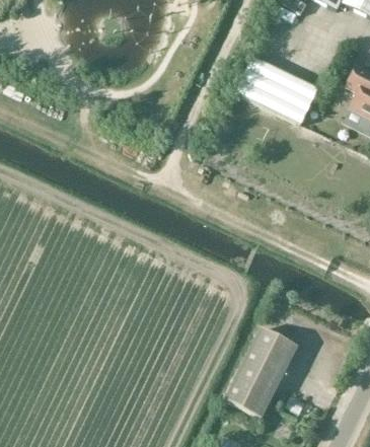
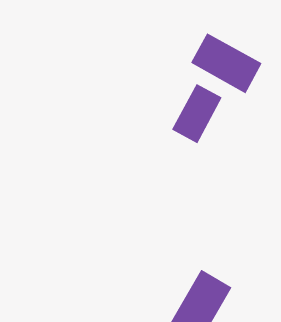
building: none -> [171,83,222,144]

